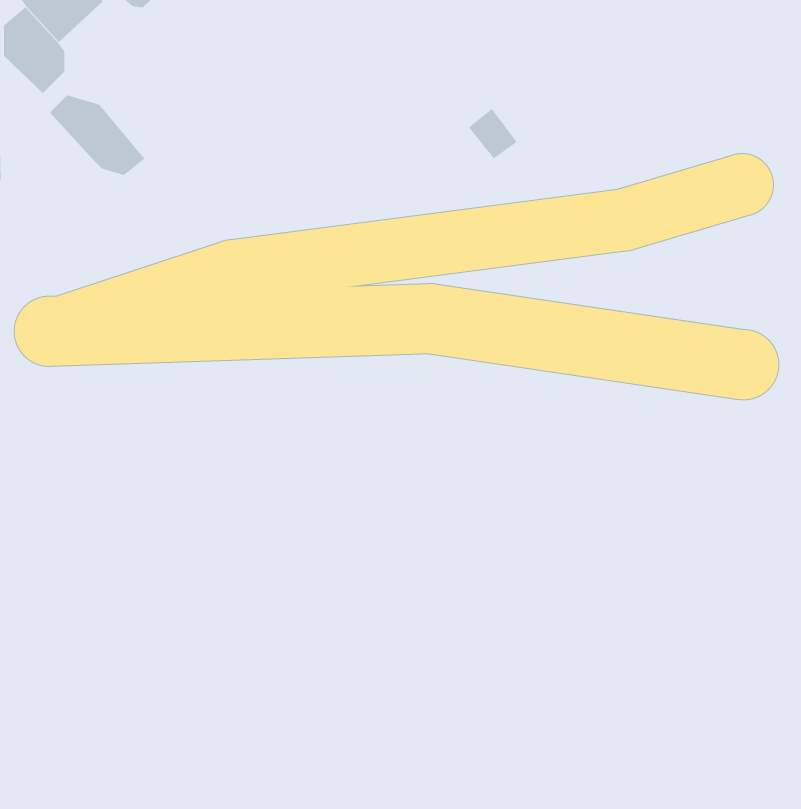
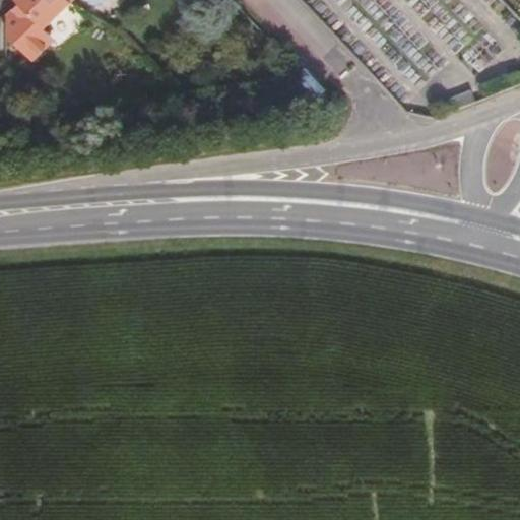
building: [49,95,145,176] -> none

